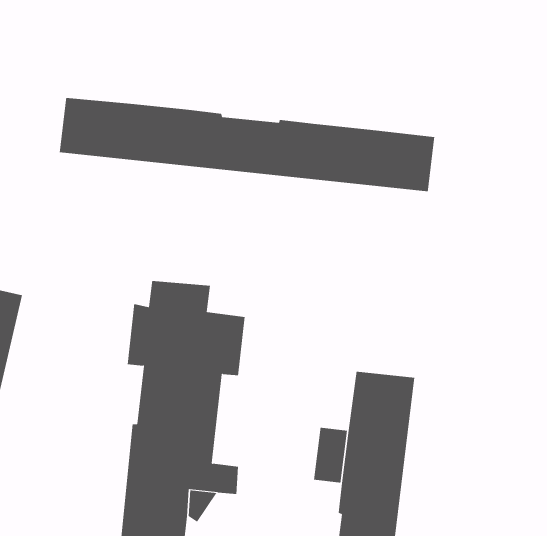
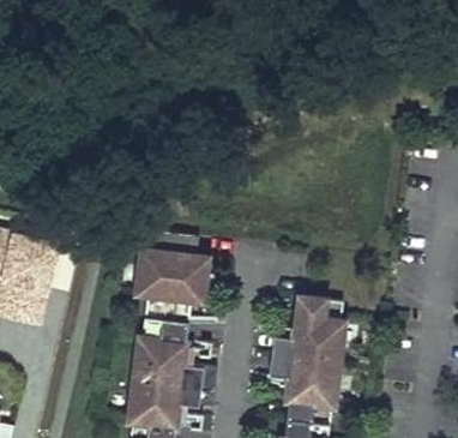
building: [59,97,435,192] -> none

